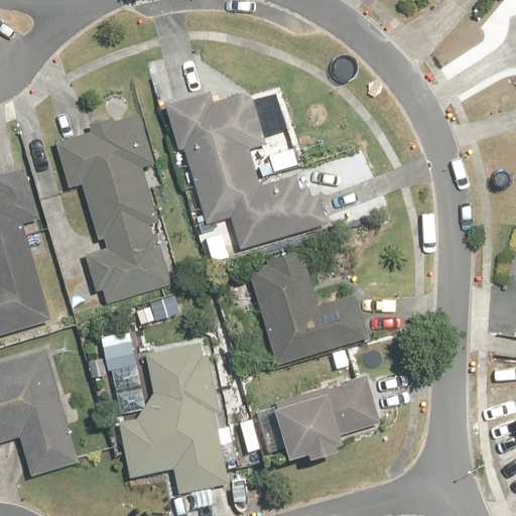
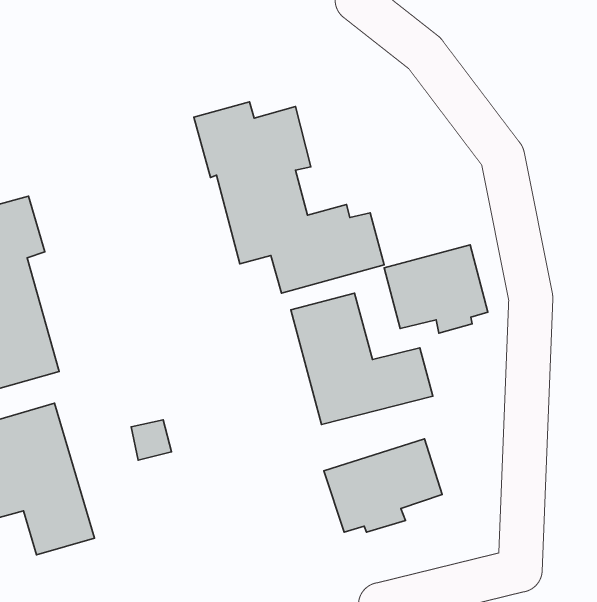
building: [56,116,173,305] -> none
building: none -> [384,245,488,333]
building: [119,339,232,495] -> none

